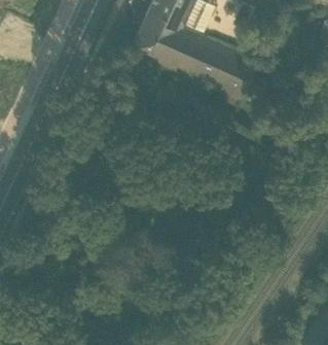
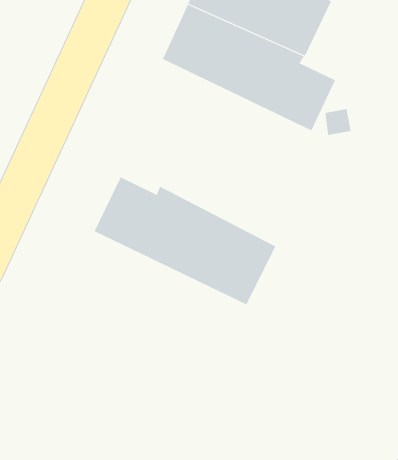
building: none -> [94,177,276,305]

